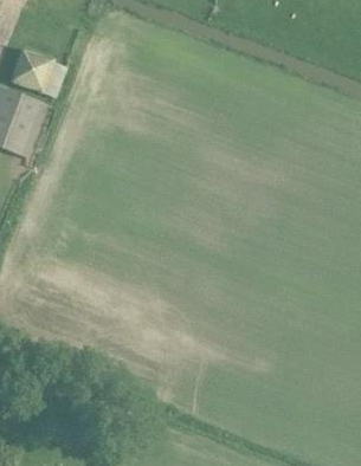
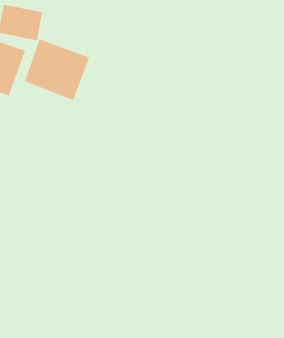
building: none -> [24,38,90,101]

